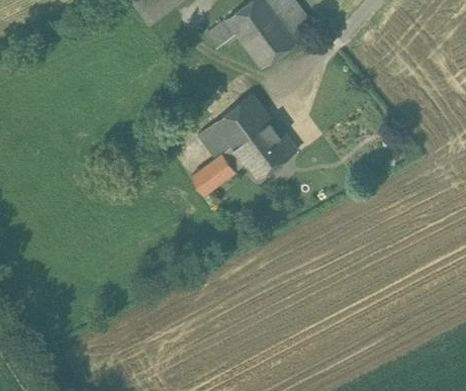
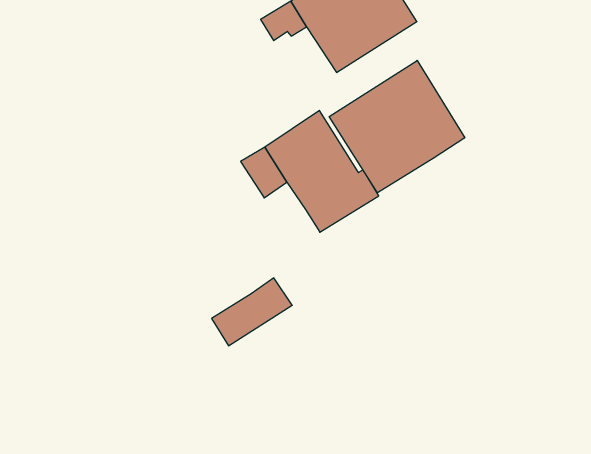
building: none -> [329,60,465,193]
building: [190,146,246,196] -> [212,278,292,346]

